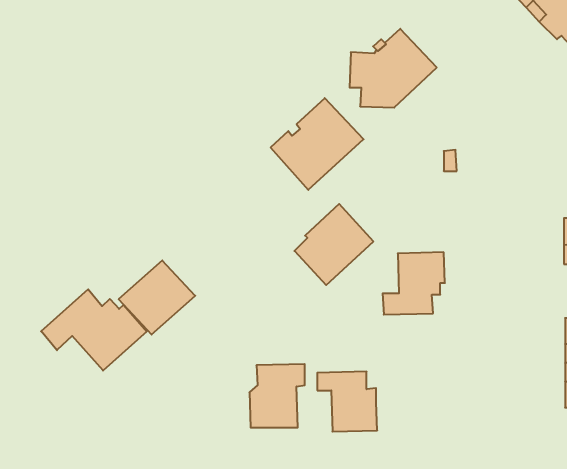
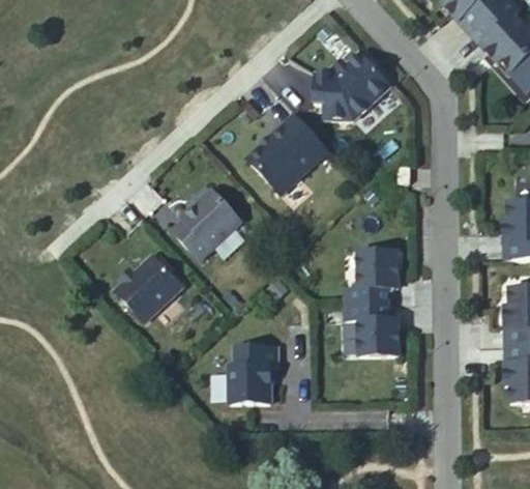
building: [294,204,373,285] -> [172,190,241,261]
building: [41,289,147,371] -> none
building: [317,372,377,432] -> [346,303,399,355]

